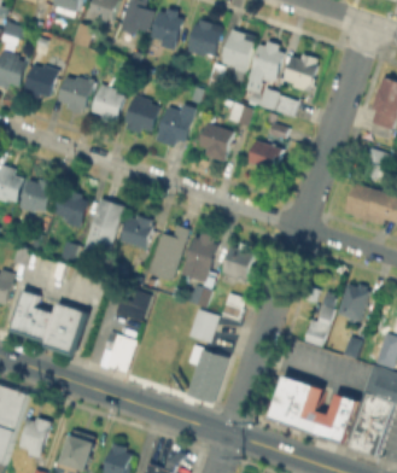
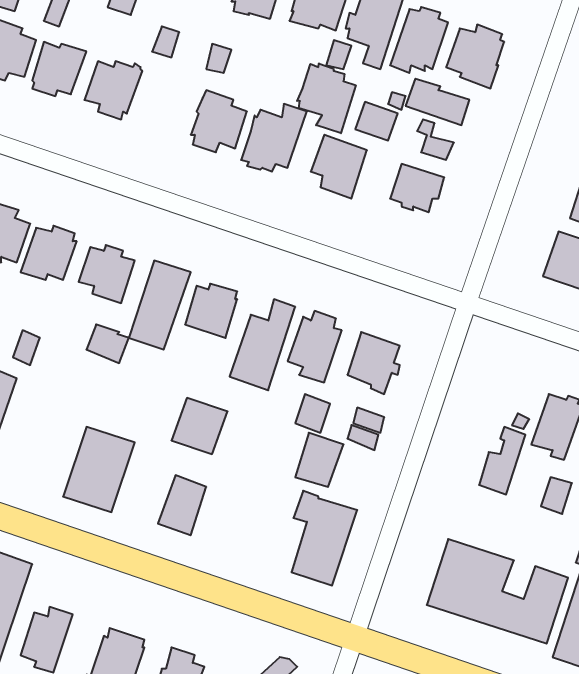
building: none -> [297,63,356,133]
building: [92,83,124,122] -> none
building: [13,294,52,341] -> none

